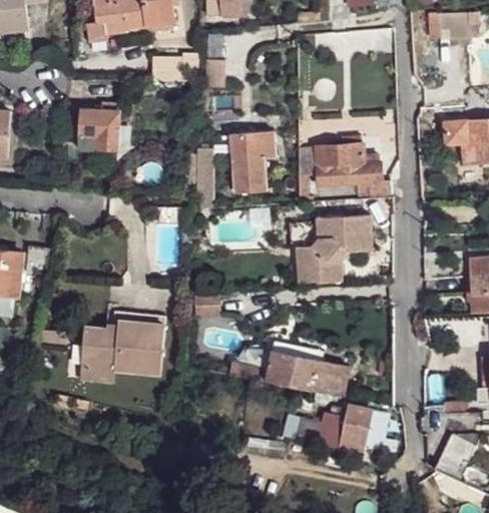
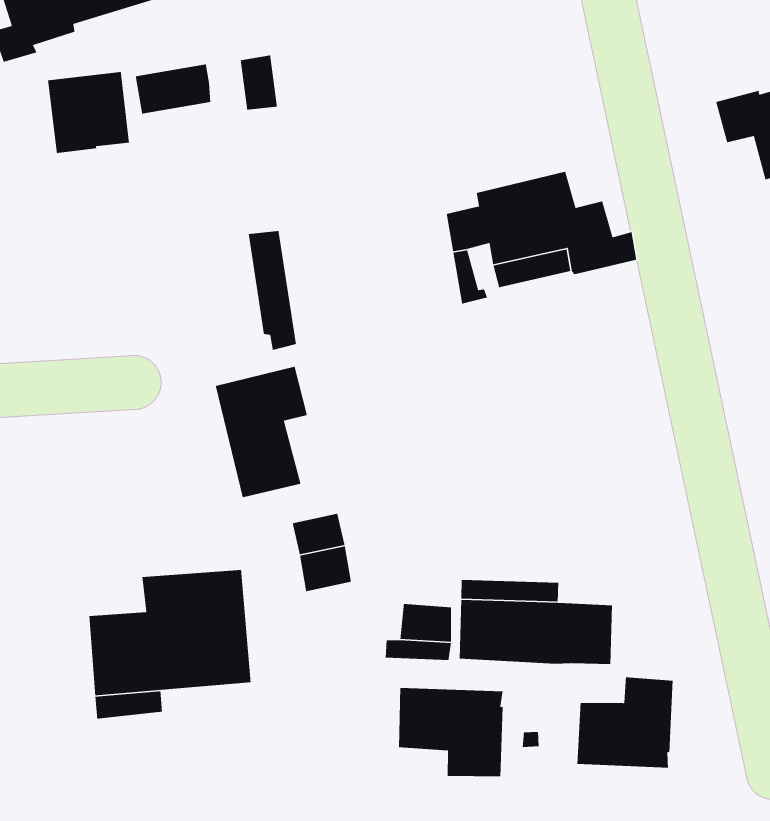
building: [78,109,118,148] -> [47,71,130,154]
building: [230,130,275,192] -> [215,366,308,498]
building: [297,213,371,283] -> none
building: none -> [398,687,503,777]

